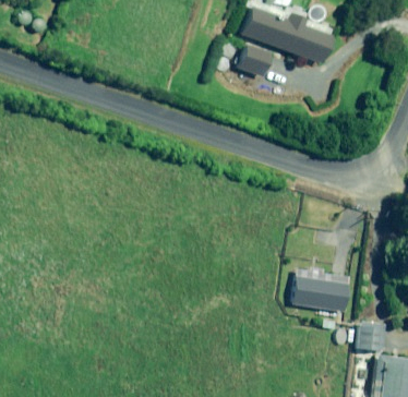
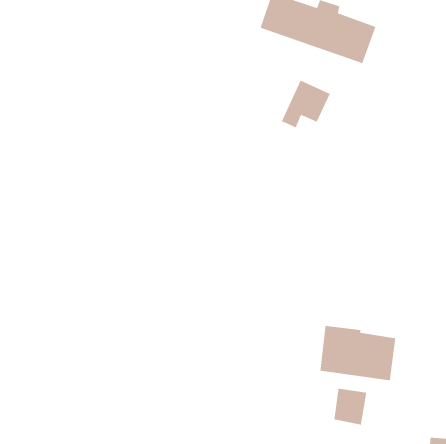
building: [236,44,275,82] -> [281,80,331,128]
building: [358,321,384,350] -> [333,388,367,425]

